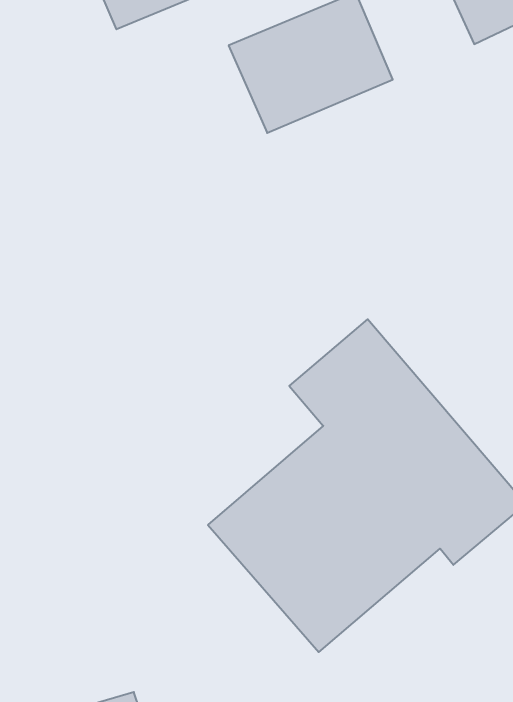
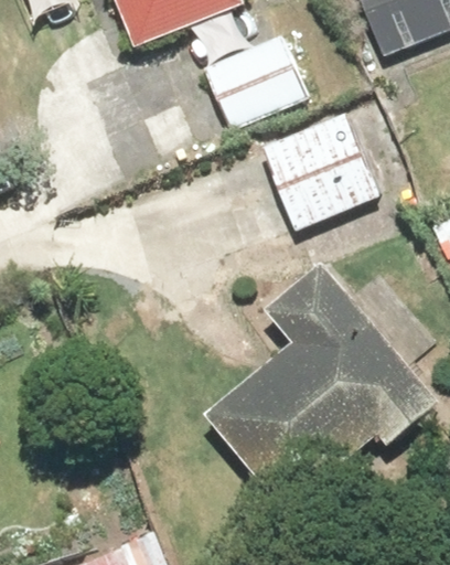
building: none -> [268,107,396,226]

